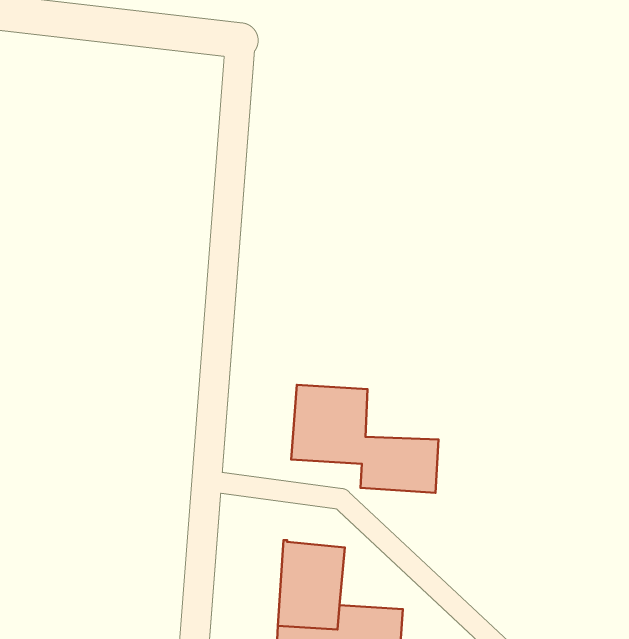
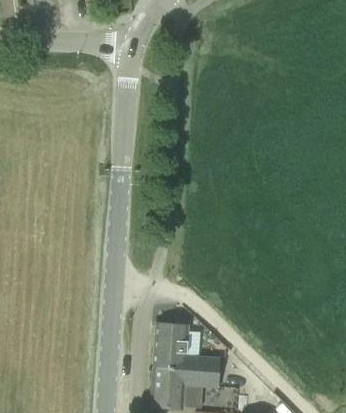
building: [291,385,438,493] -> none

